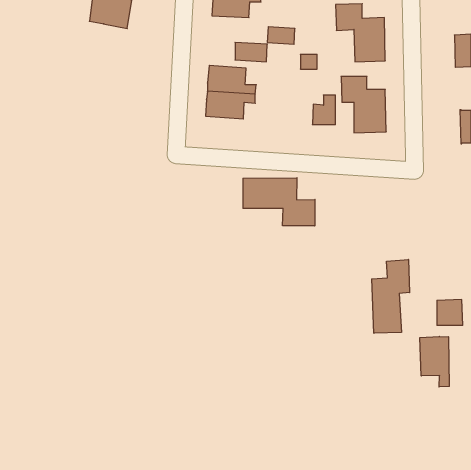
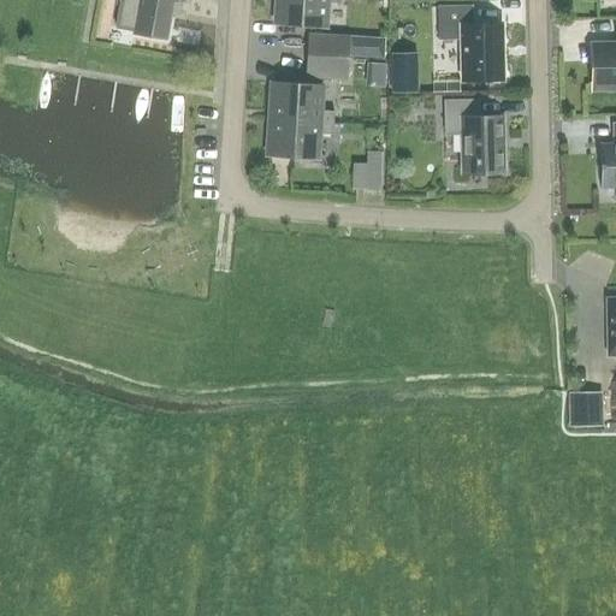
building: none -> [307,32,350,58]
building: [312,95,335,125] -> [353,150,383,189]
building: [243,178,315,226] -> none
building: [372,259,410,333] -> none
building: [420,336,449,387] -> none

